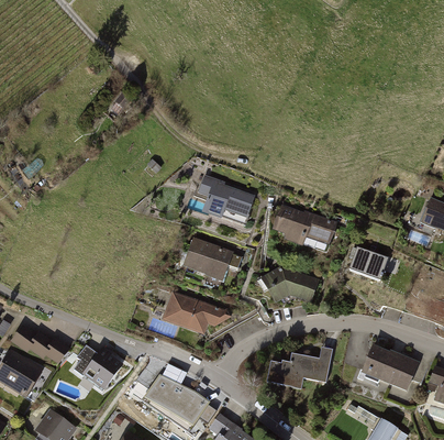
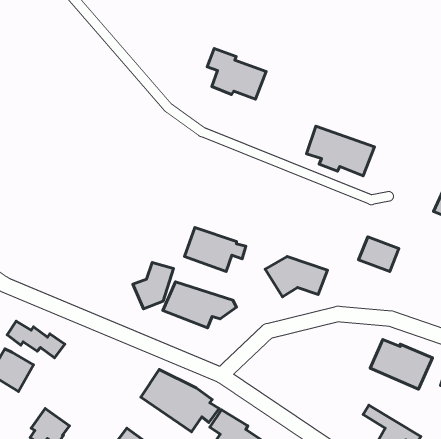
building: [197,173,253,221] -> [207,49,266,99]
building: [271,202,336,250] -> [307,126,375,176]
building: none -> [133,262,174,309]
building: [74,343,121,389] -> none
building: [264,350,333,392] -> none

